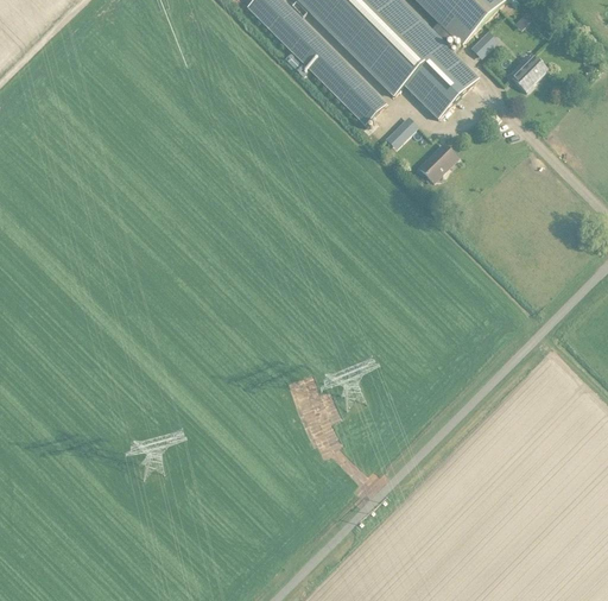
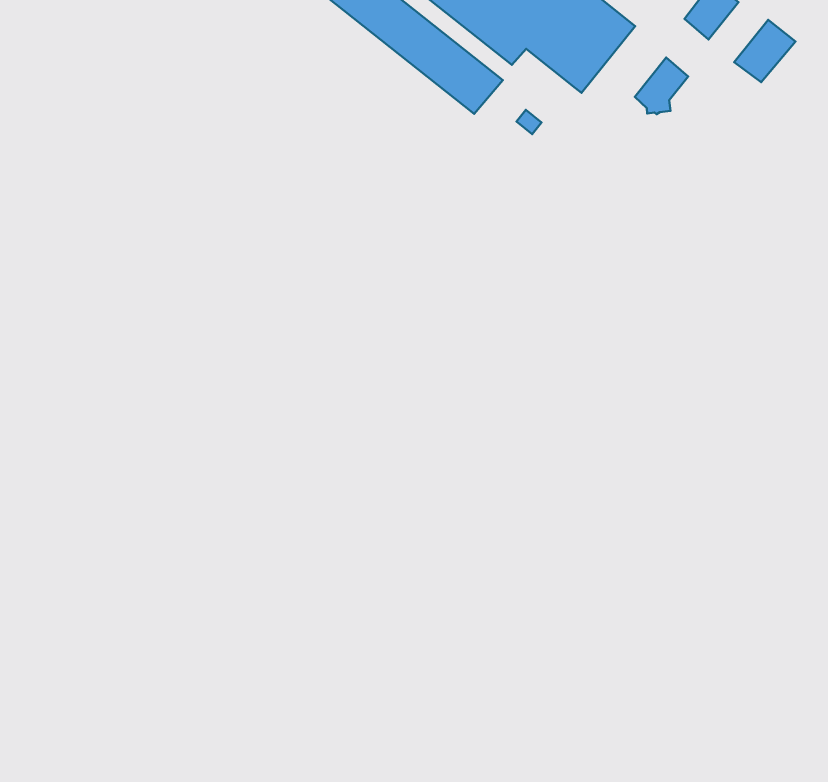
building: none -> [734,20,795,82]
building: [419,143,456,179] -> [635,57,688,114]

